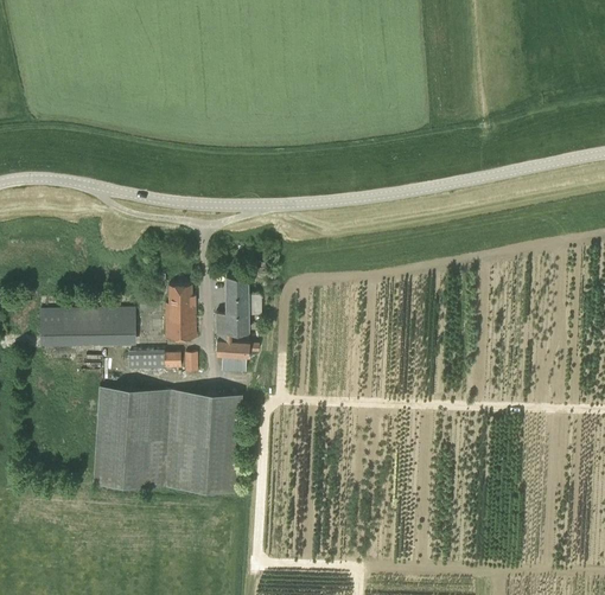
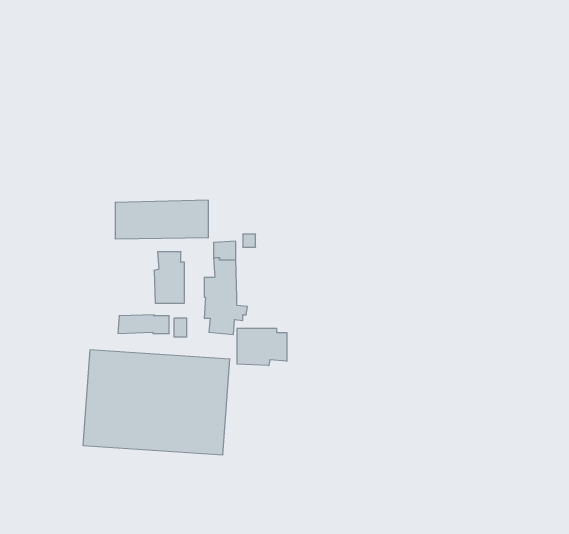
building: [40,308,135,347] -> [115,200,208,239]
building: none -> [237,328,287,366]

